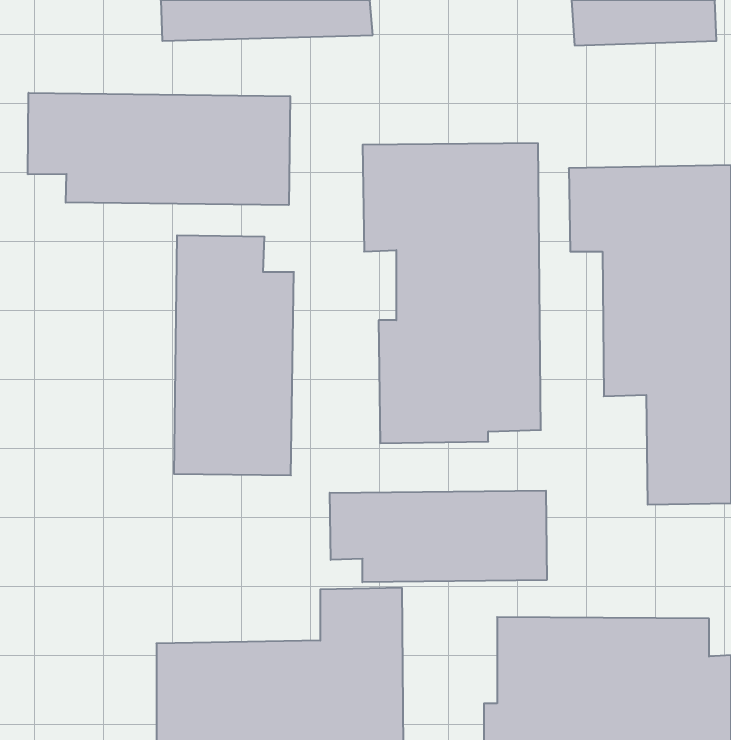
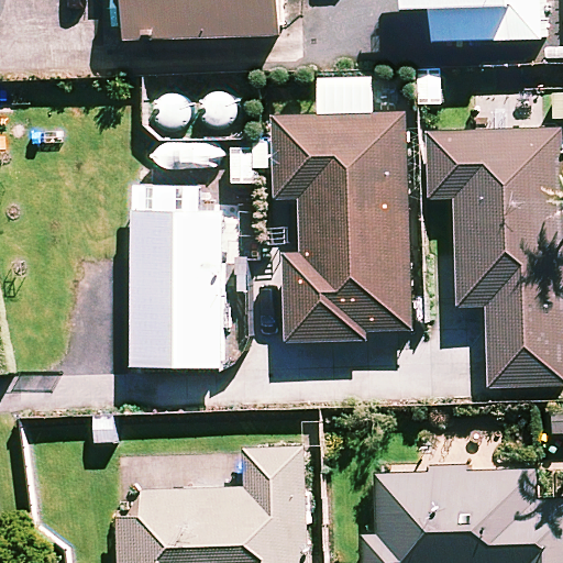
building: [28,93,290,205] -> none
building: [330,491,547,582] -> none

